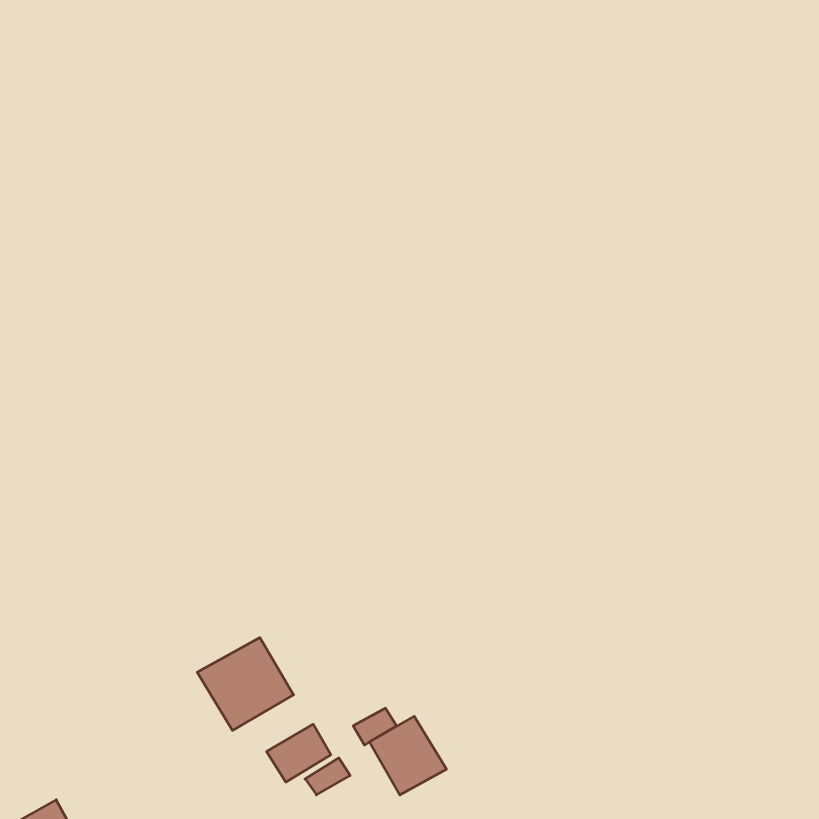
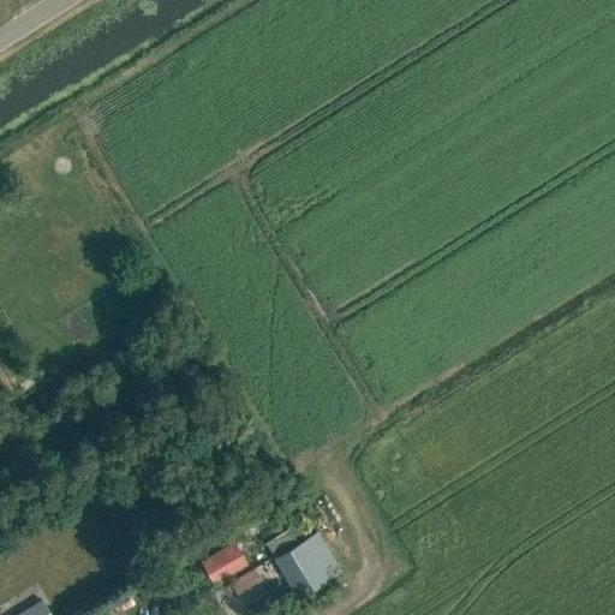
building: [197,638,294,730] -> none

